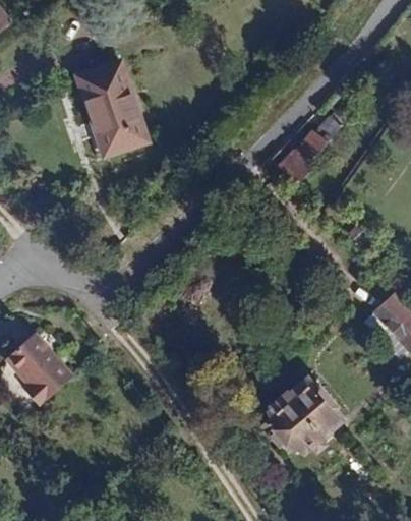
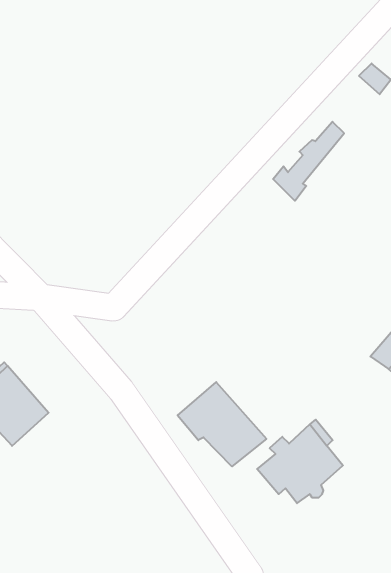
building: [74,62,145,158] -> none
building: none -> [178,382,266,466]

